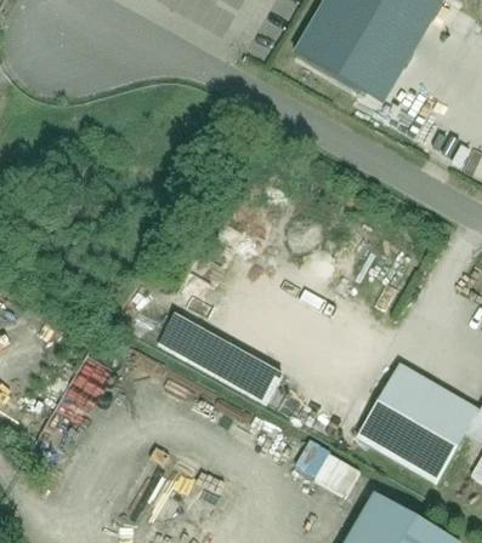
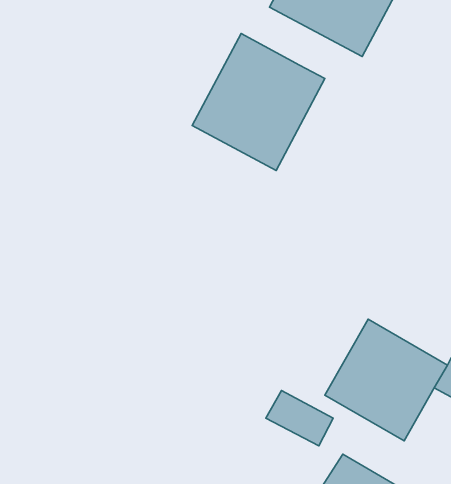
building: none -> [192,33,325,171]
building: [153,311,283,404] -> none

